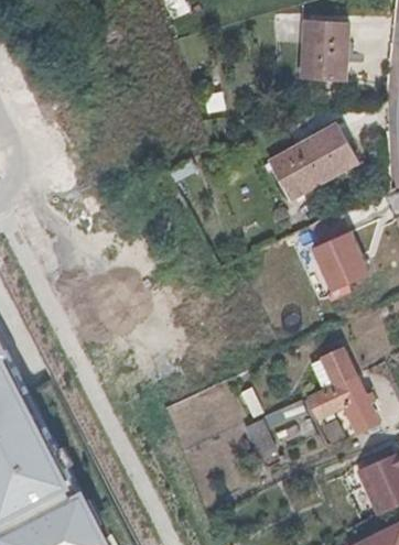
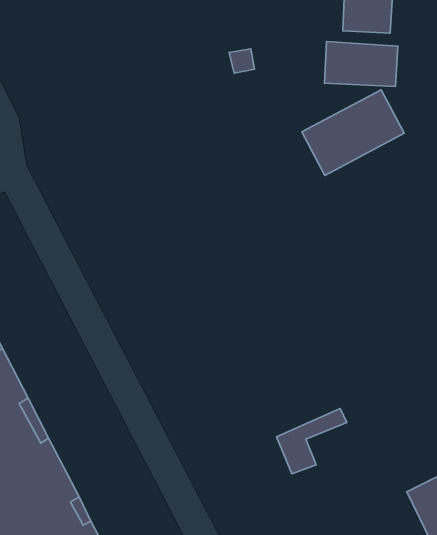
building: none -> [324,42,398,86]
building: [310,230,367,291] -> none
building: [305,345,377,438] -> none

